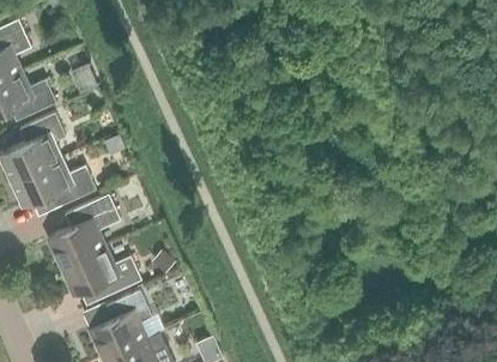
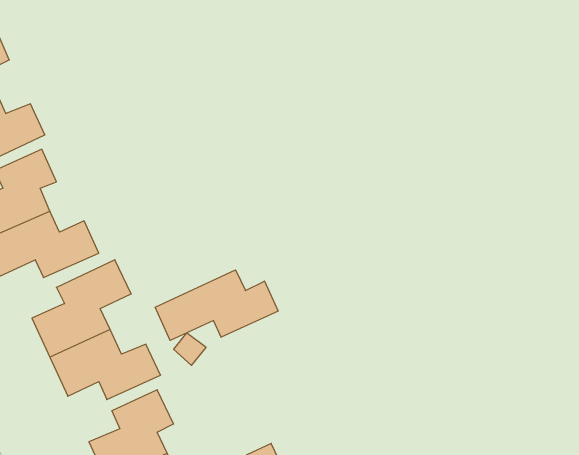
building: none -> [155,270,278,340]

